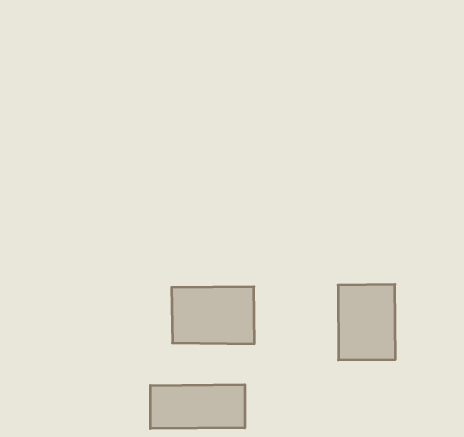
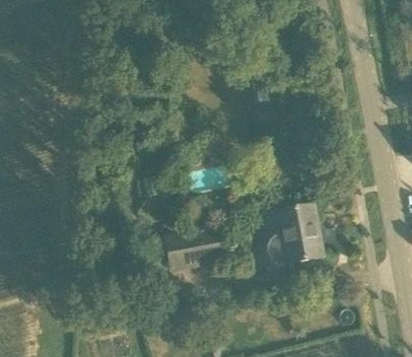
building: [150,385,245,429] -> none

